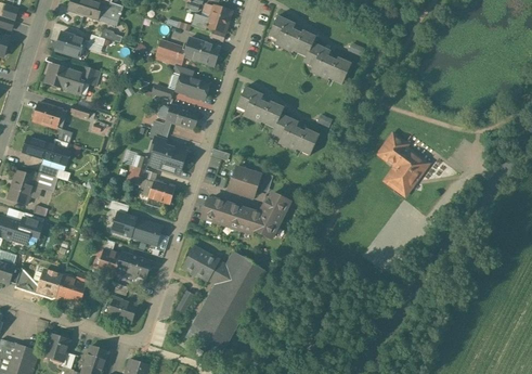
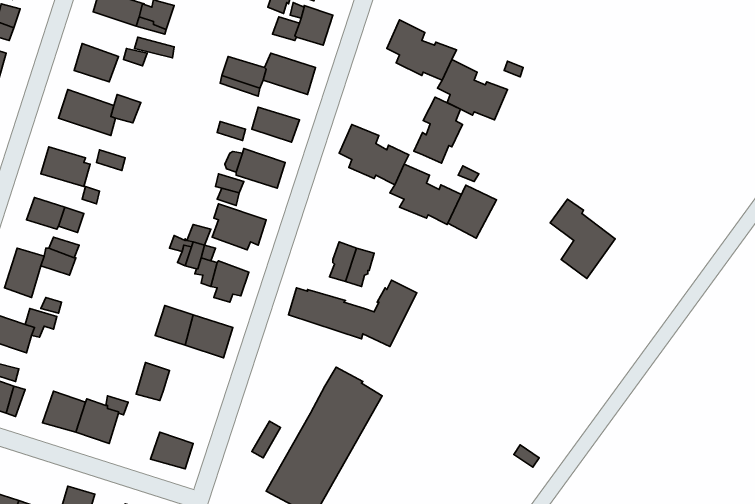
building: none -> [414,97,463,163]
building: none -> [448,185,497,238]
building: [184,248,226,284] -> none
building: [116,253,151,278] -> none

